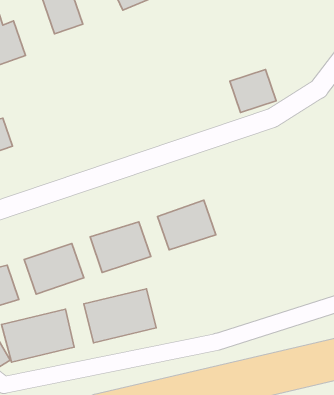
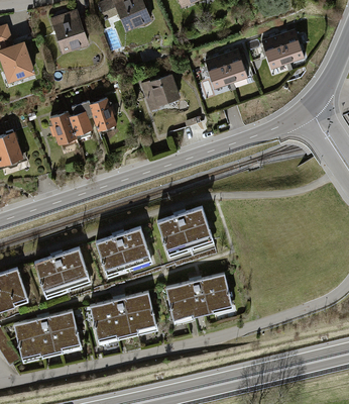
building: none -> [264,29,307,68]
building: none -> [140,74,180,108]
building: [230,69,276,113] -> [208,47,251,88]
building: none -> [49,98,116,144]
building: none -> [165,274,233,323]

